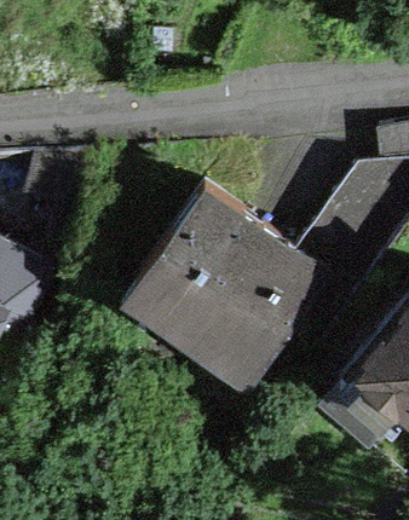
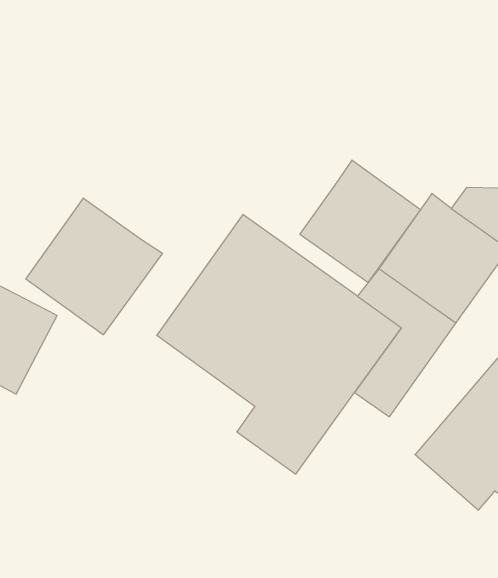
building: none -> [300,160,420,283]
building: none -> [26,198,162,335]

